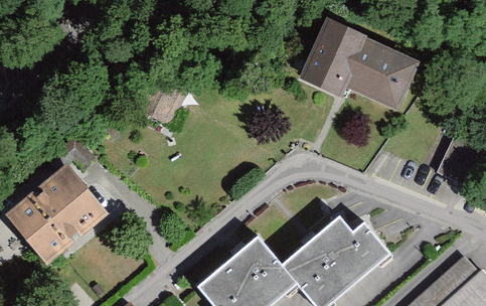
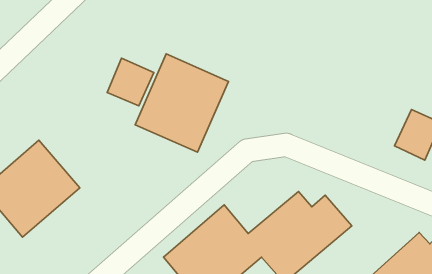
building: [290,18,413,106] -> none
building: none -> [135,54,229,152]

